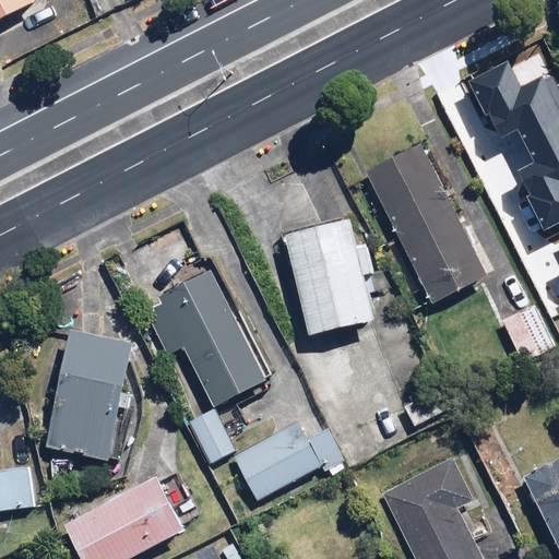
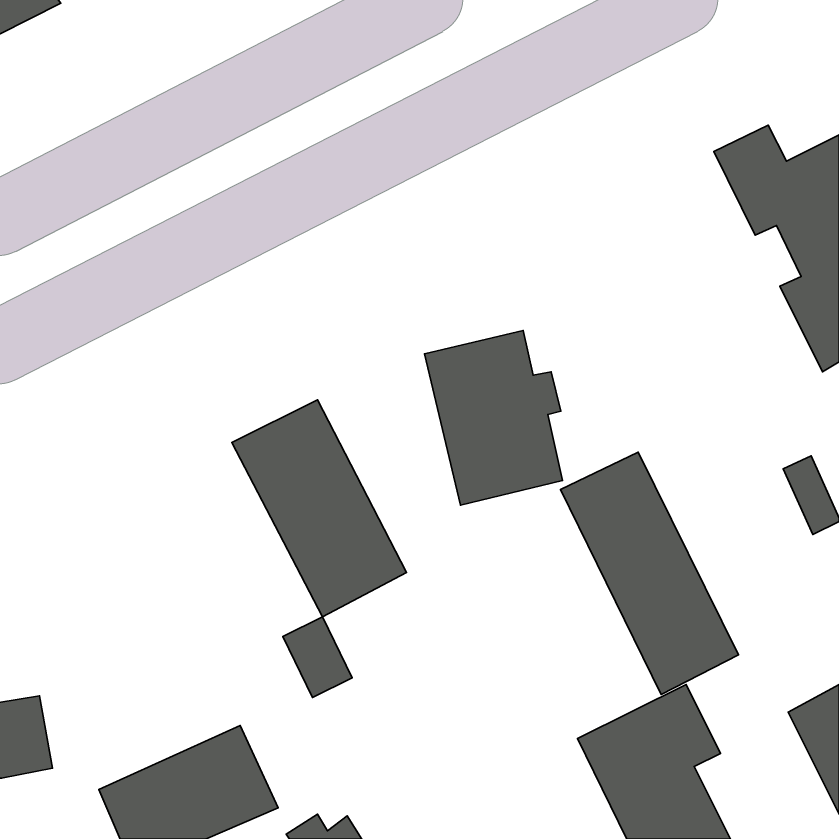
building: [367,142,487,299] -> none
building: none -> [560,452,738,695]
building: [44,328,133,462] -> none
building: [234,421,323,502] -> none

